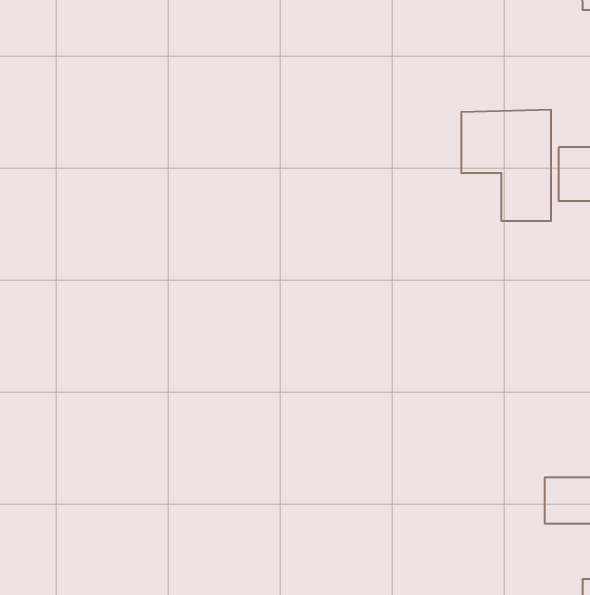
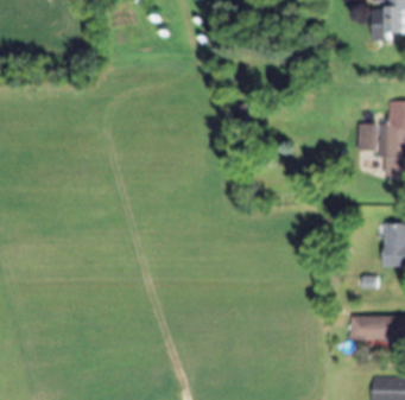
building: [461,110,551,221] -> none

